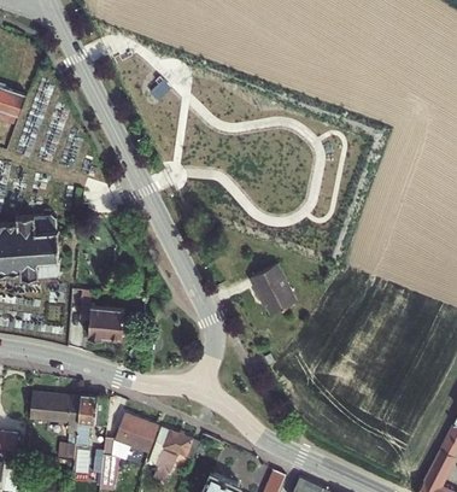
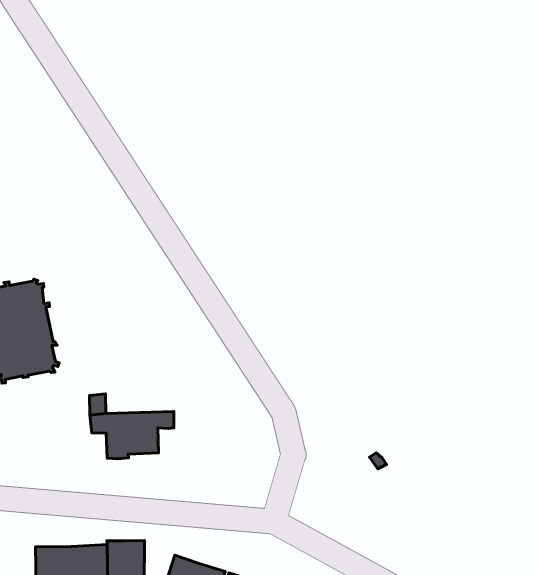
building: [248,265,294,316] -> none

